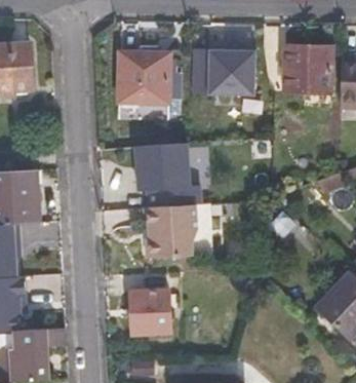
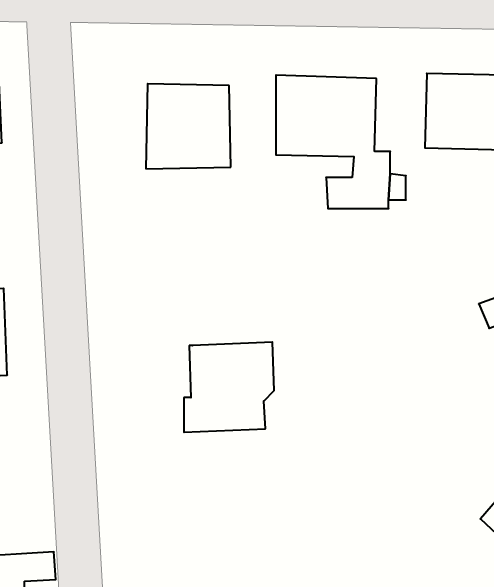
building: [135,143,200,205] -> none
building: [127,289,167,334] -> none

